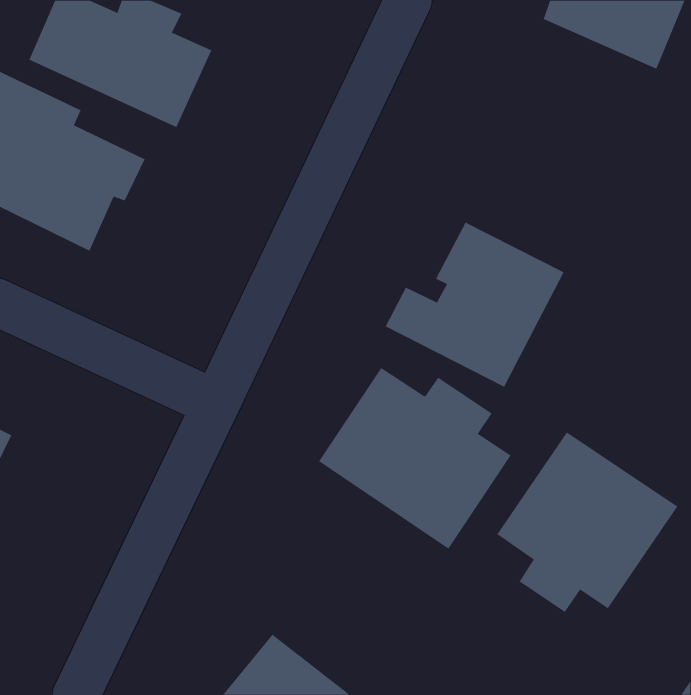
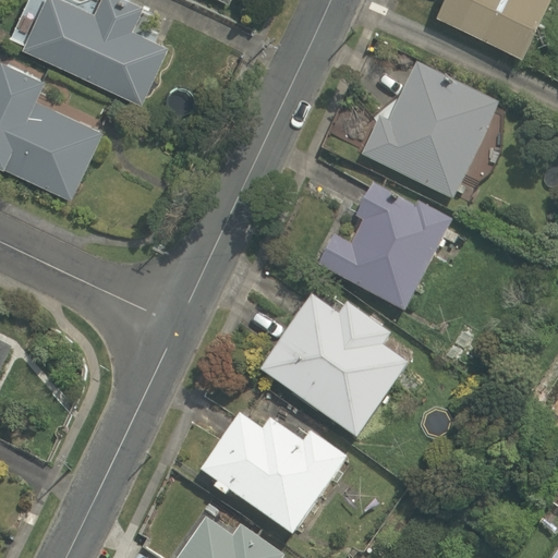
building: none -> [356,59,501,203]
building: [497,431,678,613] -> none
building: none -> [195,412,352,541]

